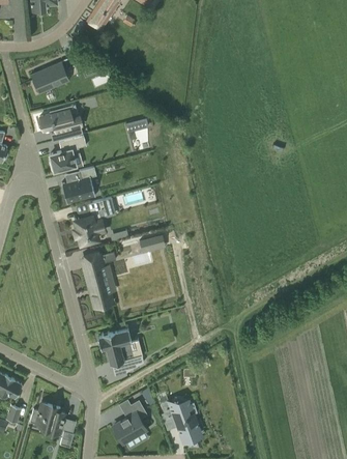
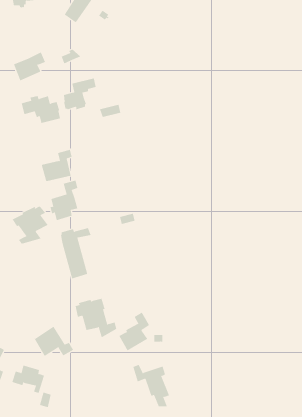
building: [50,136,86,171] -> [63,78,96,110]
building: none -> [12,205,49,245]
building: none -> [33,326,74,357]
building: [113,400,147,442] -> [118,312,150,351]

